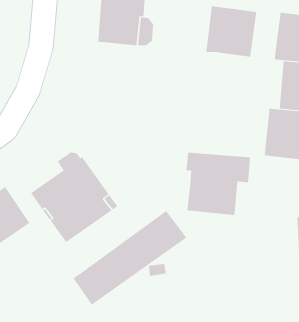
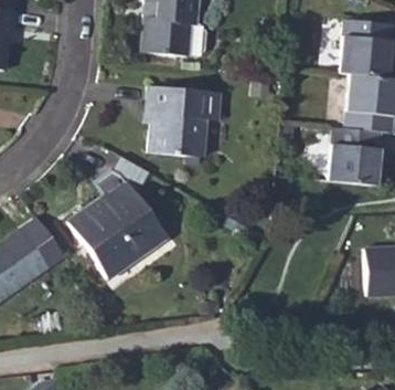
building: [206,6,257,57] -> none
building: [186,152,251,215] -> [148,86,221,157]
building: [73,210,187,305] -> none

